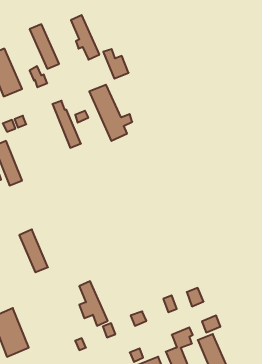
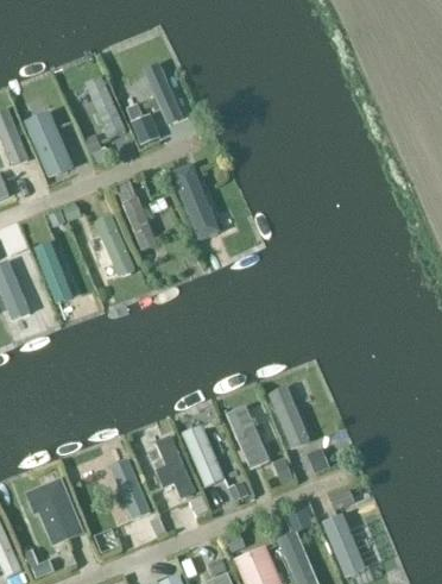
building: [103,49,129,79] -> [125,103,160,145]
building: none -> [94,214,134,276]
building: [19,229,48,272] -> [108,461,149,522]
building: none -> [269,385,310,448]
building: none -> [226,404,270,469]
building: none -> [182,423,225,488]

